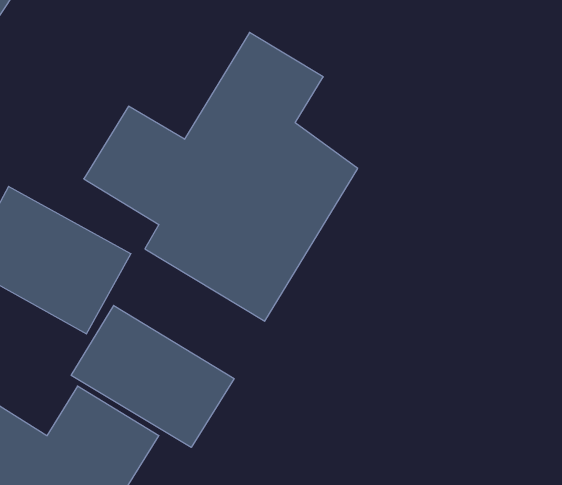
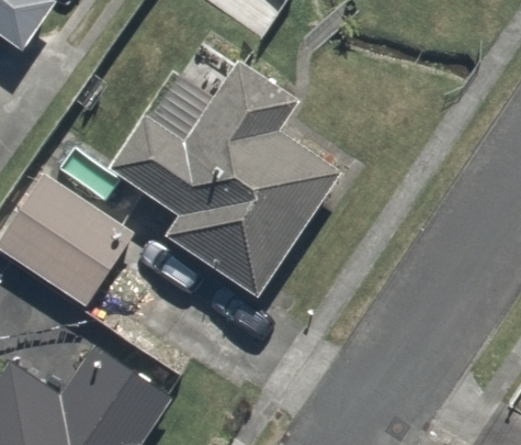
building: [71,305,234,447] -> none

